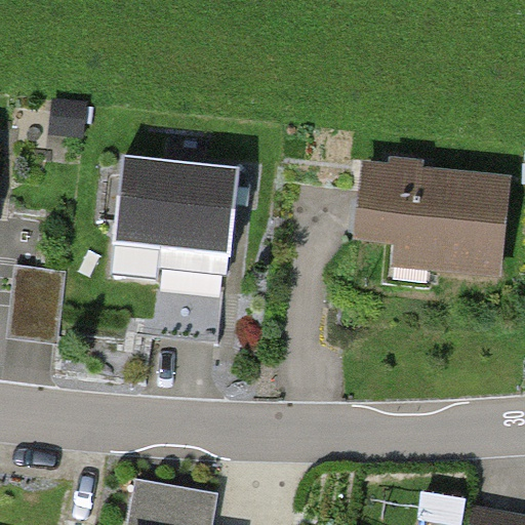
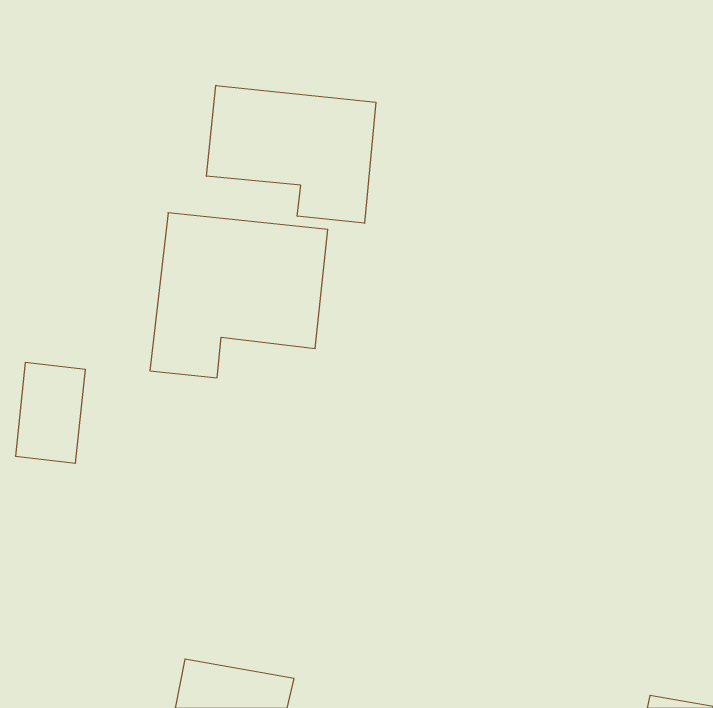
building: none -> [206,85,376,223]
building: [357,167,508,271] -> none

